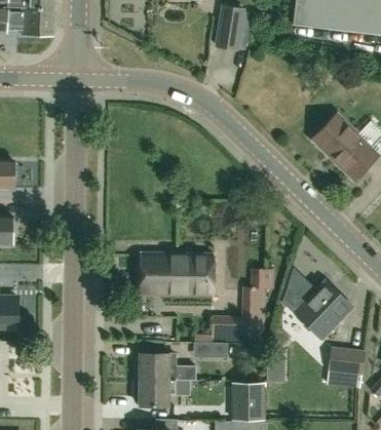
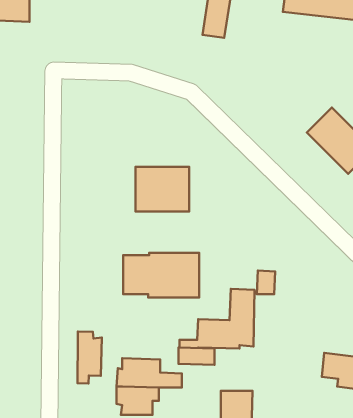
building: none -> [136,167,189,212]
building: [282,268,351,337] -> none
building: none -> [78,332,102,384]

